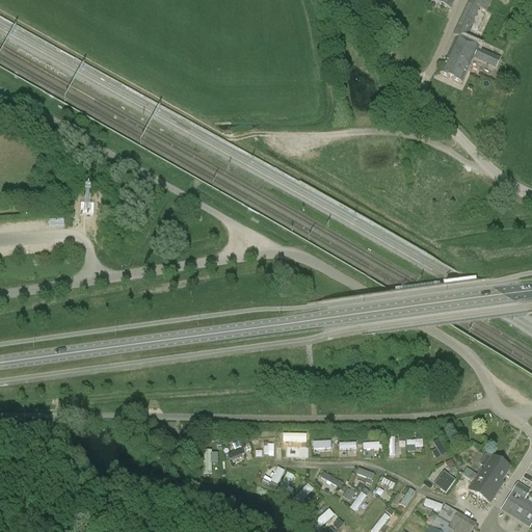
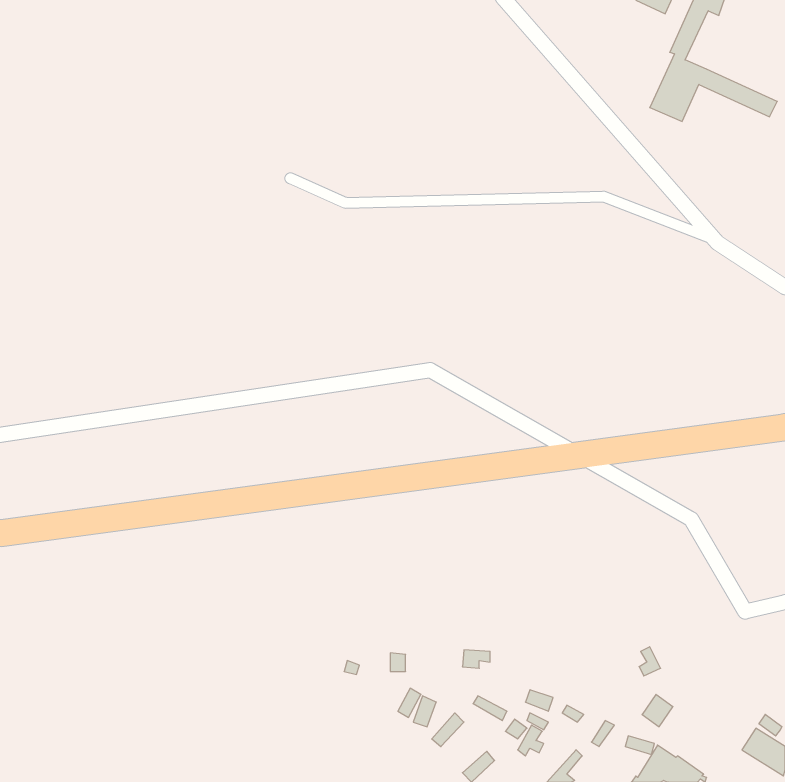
building: [463,453,510,503] -> none

